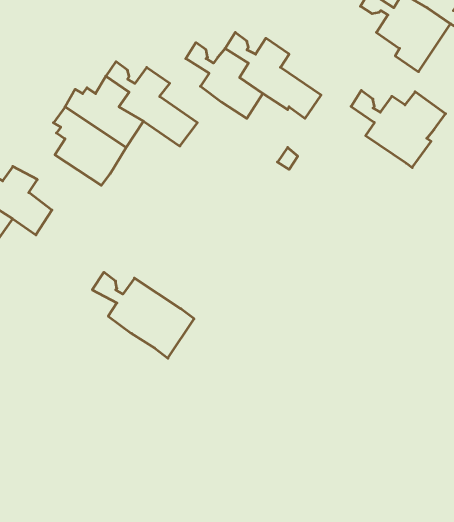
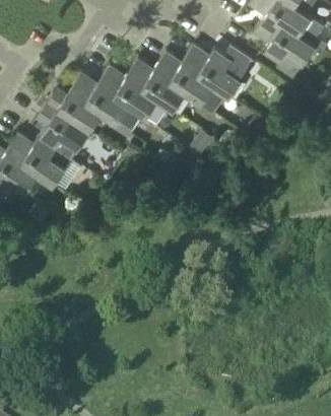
building: none -> [105,63,157,116]
building: [351,90,446,168] -> [188,42,254,95]
building: [92,272,194,358] -> [11,130,82,190]

